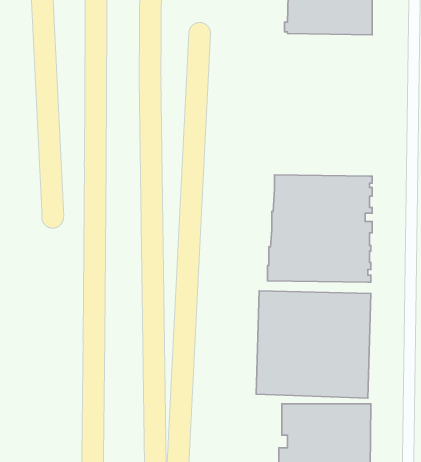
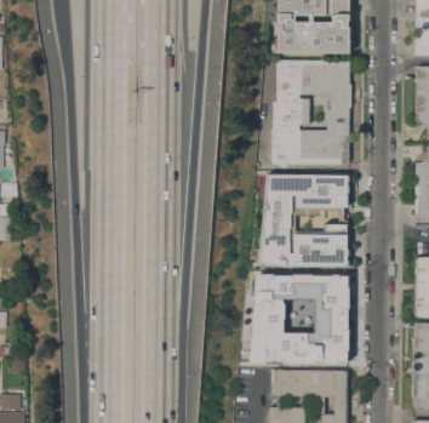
building: none -> [271,61,351,165]

